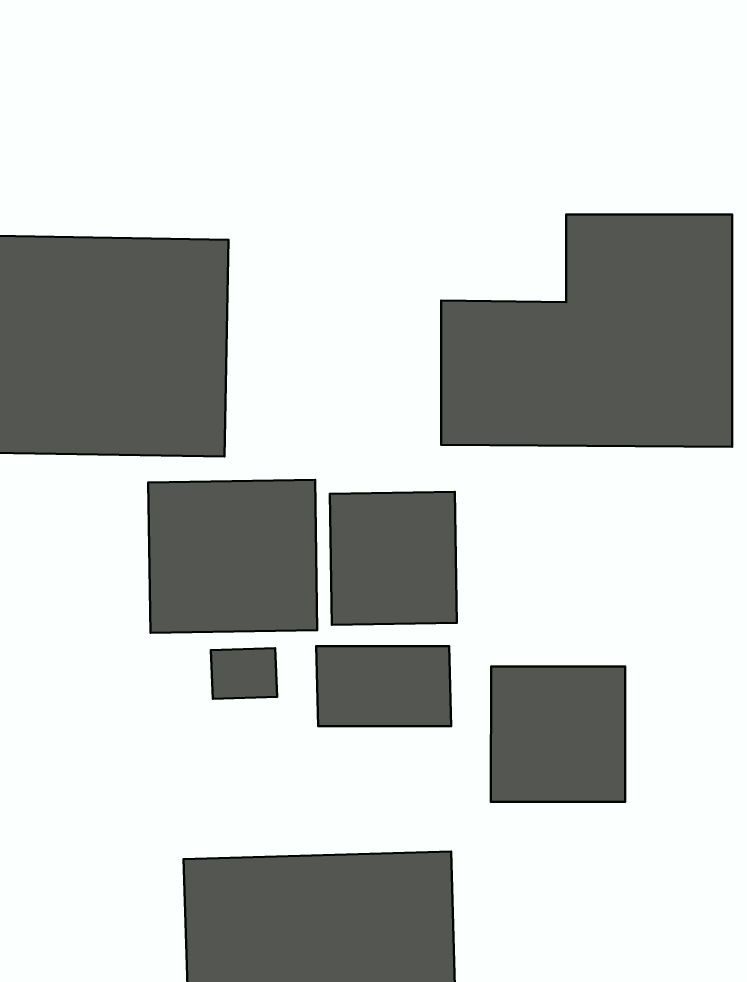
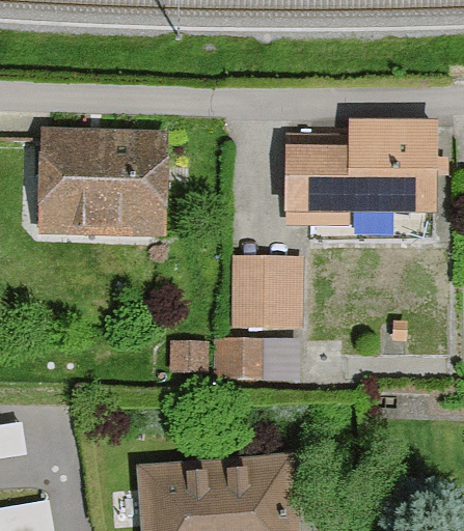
building: [148,480,317,633] -> none
building: [491,667,625,802] -> none

